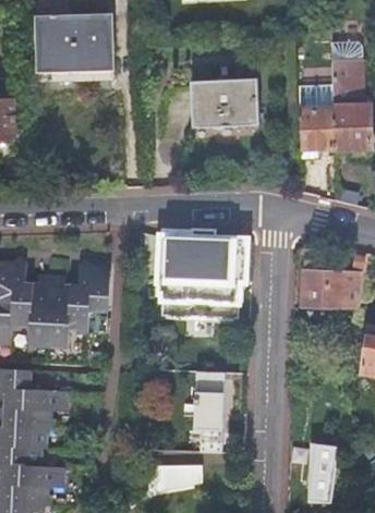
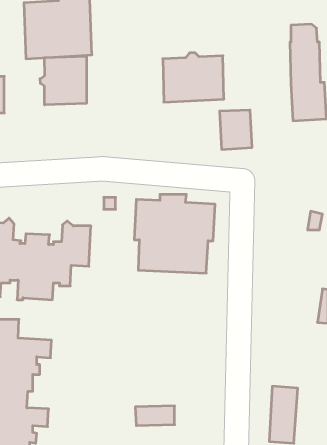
building: none -> [40,56,86,105]
building: [299,108,335,151] -> [220,110,252,149]
building: [302,262,364,310] -> none
building: [196,371,228,433] -> none

